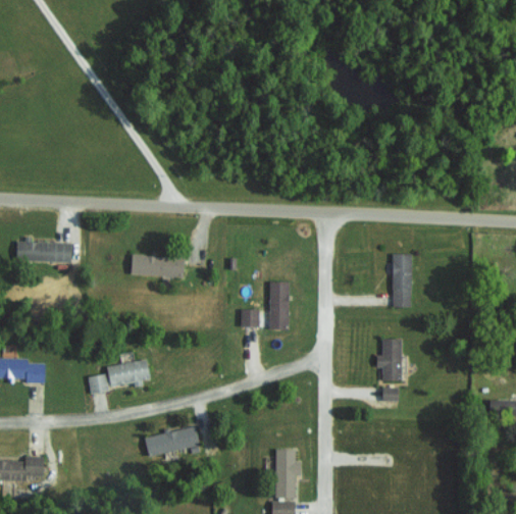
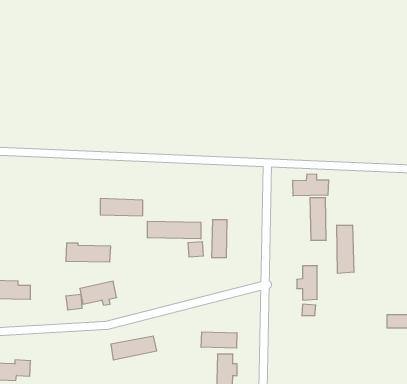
building: none -> [293,174,328,196]
building: [15,239,71,262] -> [66,243,111,262]
building: none -> [148,221,201,239]
building: none -> [337,225,354,273]
building: none -> [201,332,237,348]

